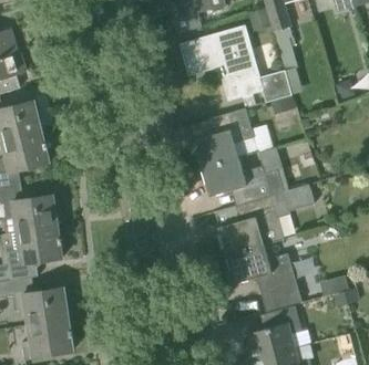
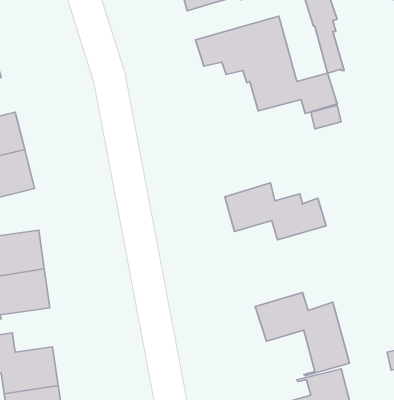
building: [193,107,257,168] -> none
building: [218,184,315,256] -> none

